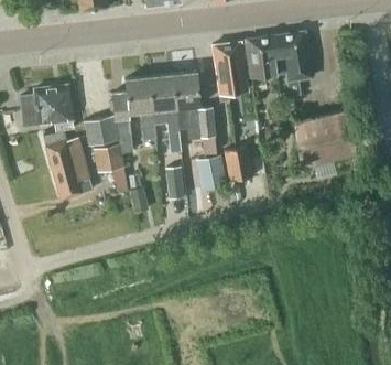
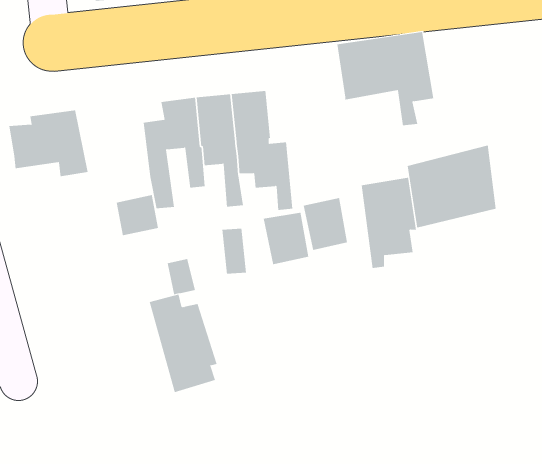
building: [213,40,251,103] -> [361,177,417,268]
building: [84,116,118,146] -> none
building: [43,131,90,200] -> [149,294,218,393]

